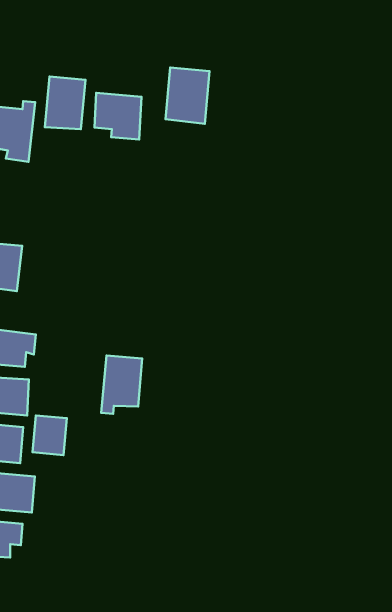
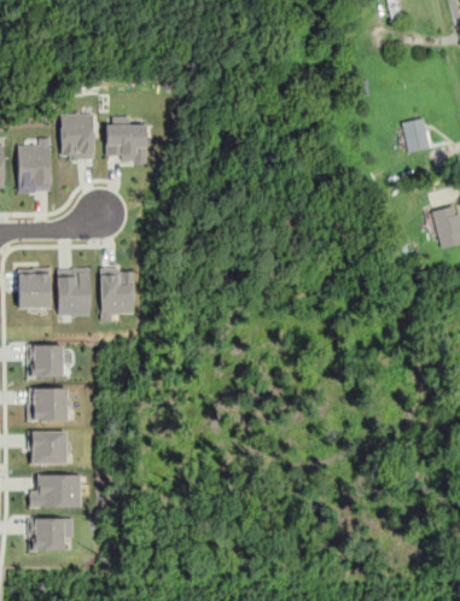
building: [166,68,209,124] -> none
building: none -> [57,268,91,315]
building: [101,355,142,414] -> [101,269,134,321]
building: [32,415,67,455] -> none

